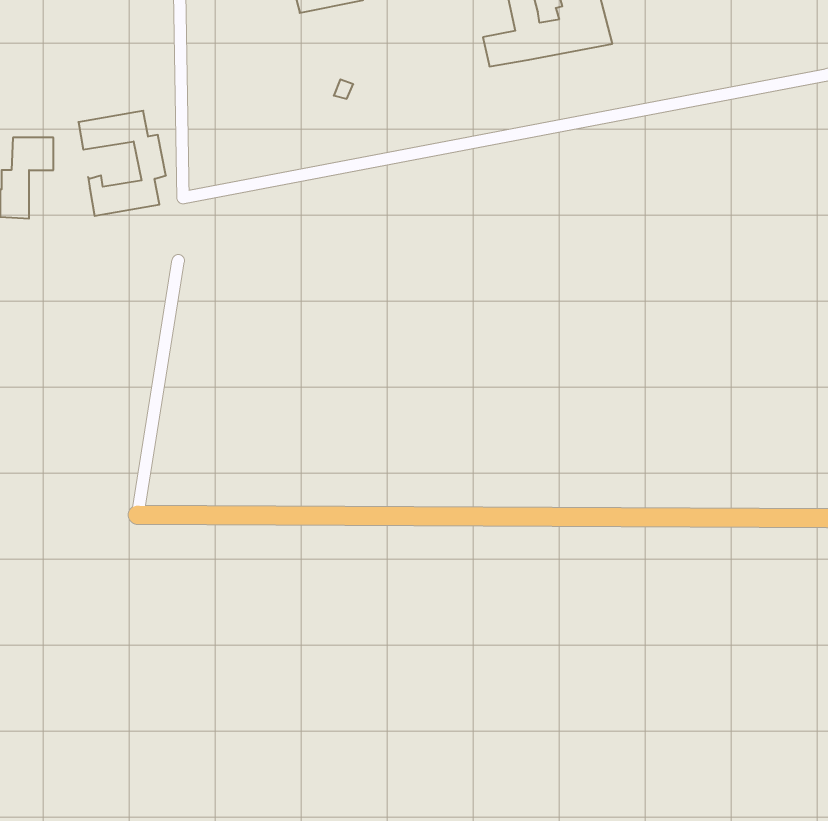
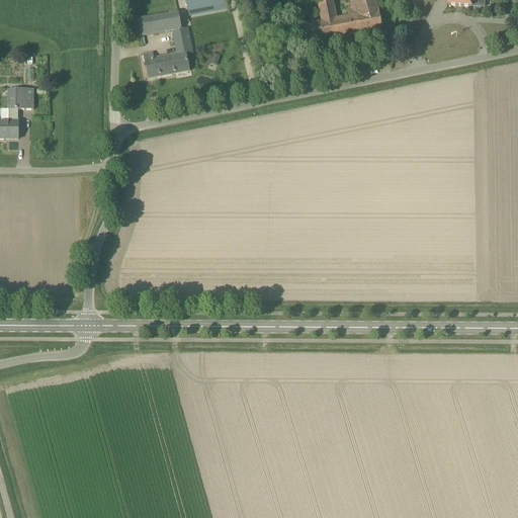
building: [78,111,166,216] -> [139,9,193,75]

